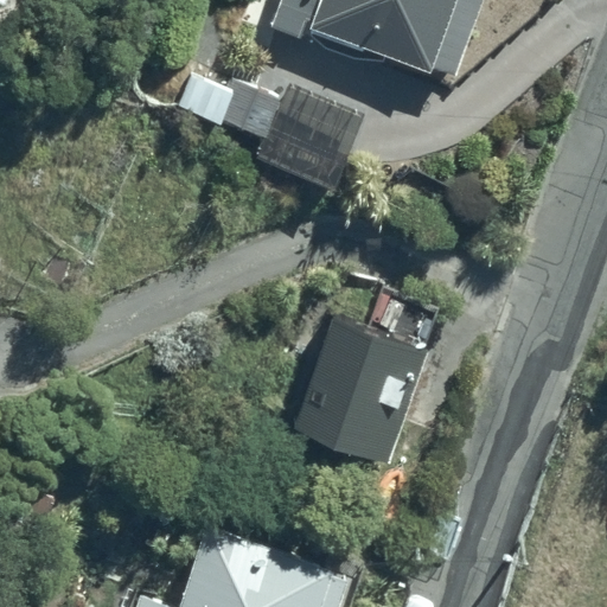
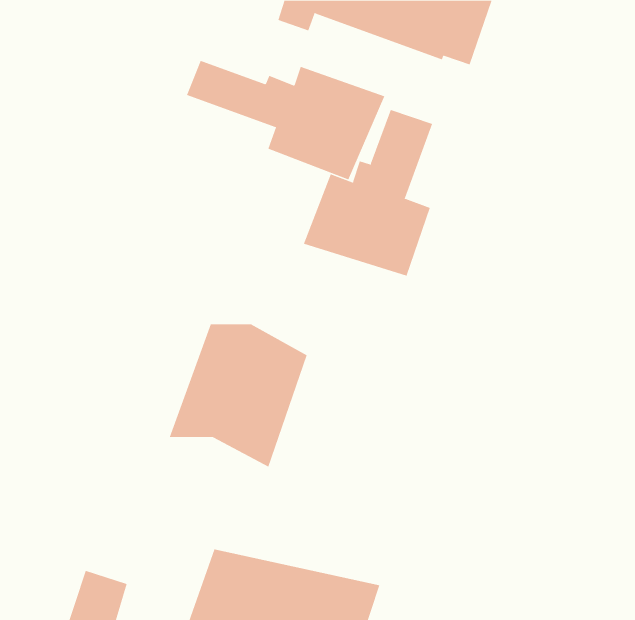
building: none -> [303,109,433,277]
building: [294,305,426,441] -> [169,324,308,468]

